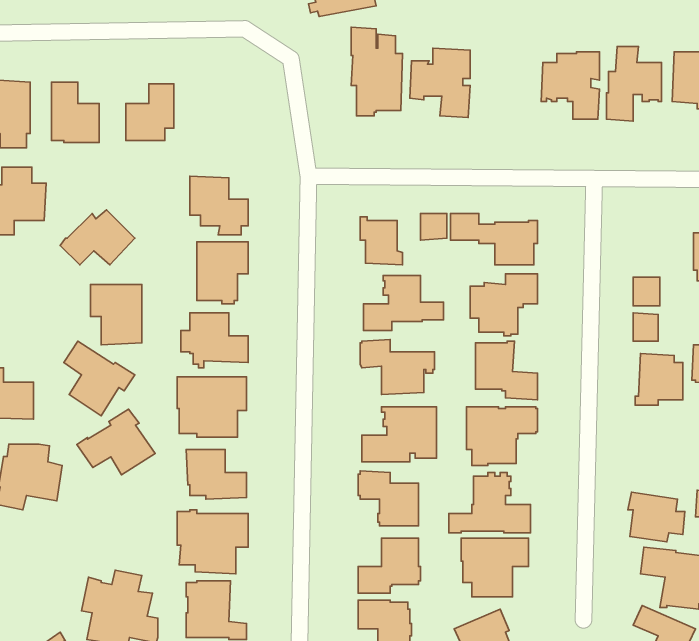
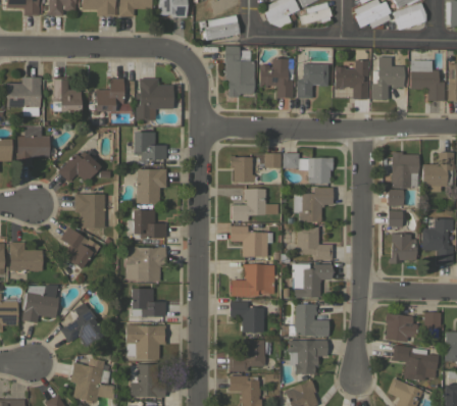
building: none -> [297,64,328,98]
building: none -> [136,79,173,120]
building: none -> [392,152,418,188]
building: [77,409,155,475] -> [60,309,105,347]

